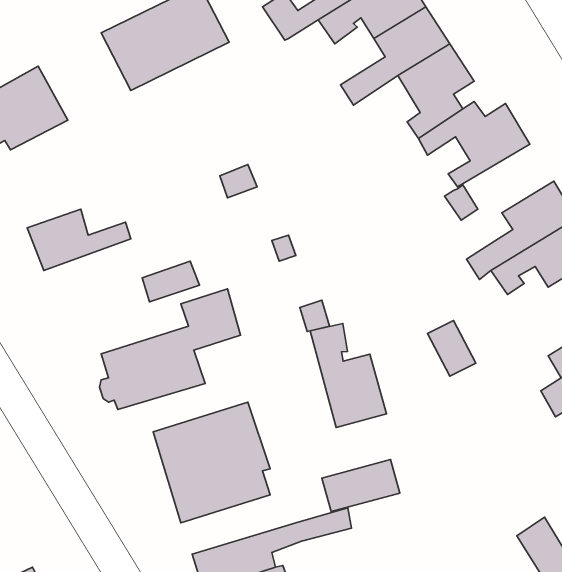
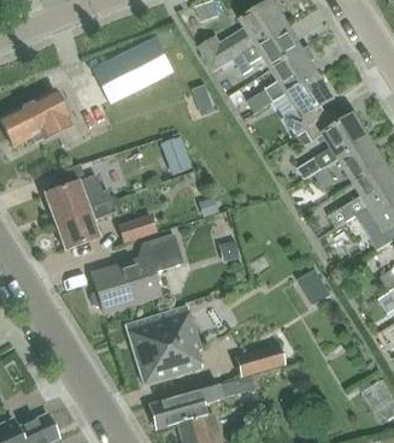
building: none -> [337,138,386,183]
building: none -> [54,200,116,249]
building: [310,324,387,427] -> none

